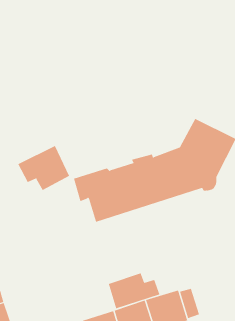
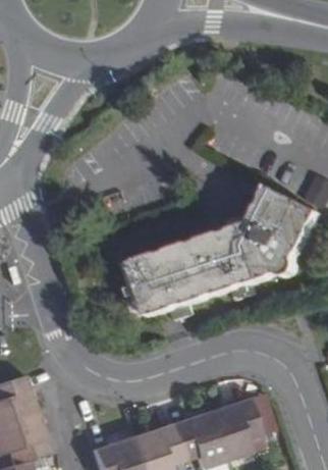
building: [17,145,70,191] -> none
building: [108,272,160,309] -> none

